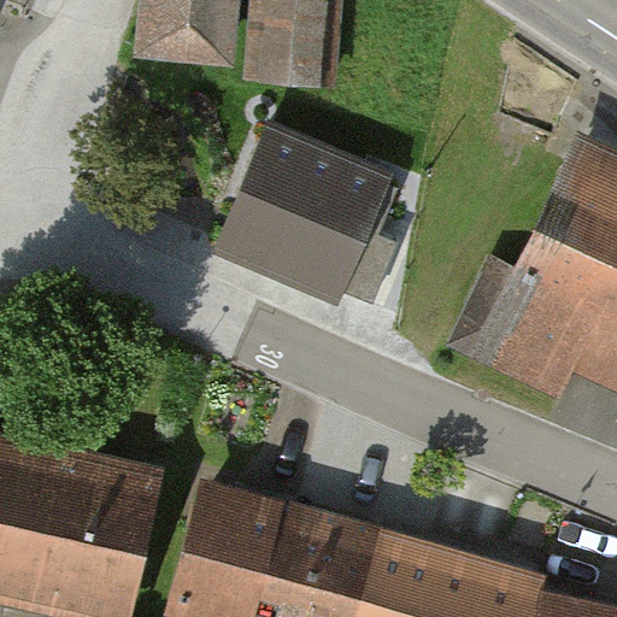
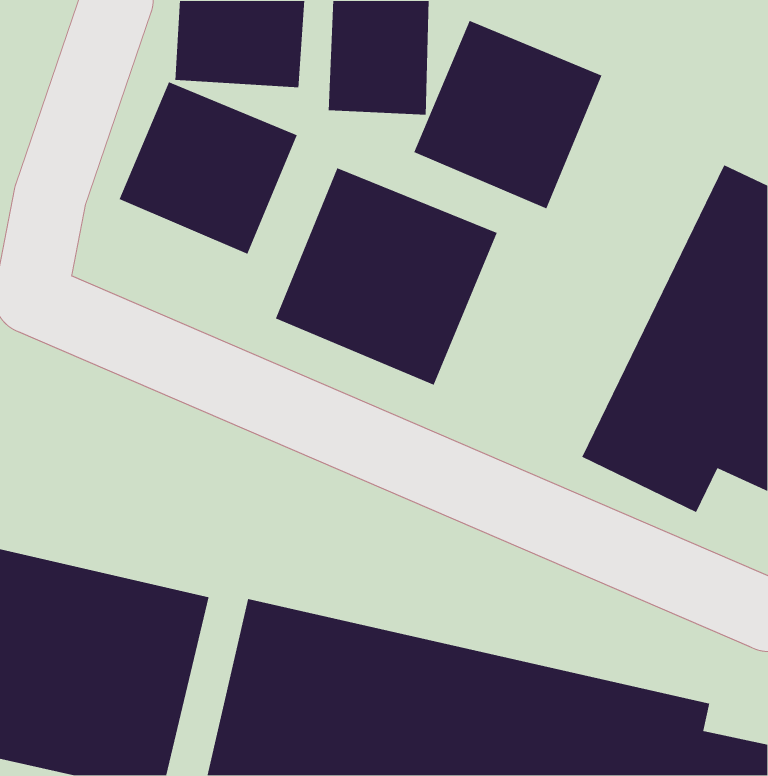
building: none -> [413,20,603,210]
building: none -> [118,81,298,255]

